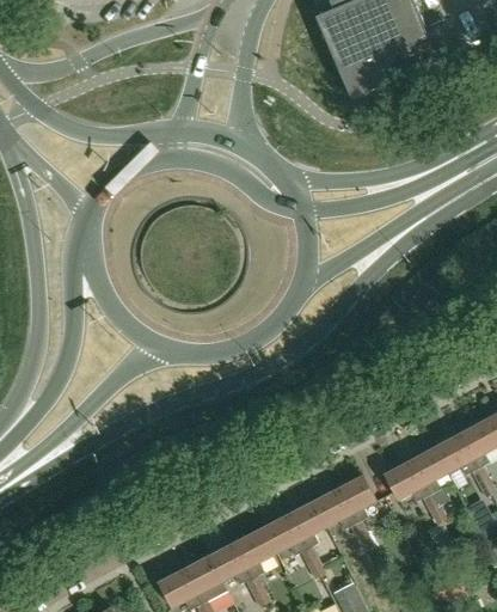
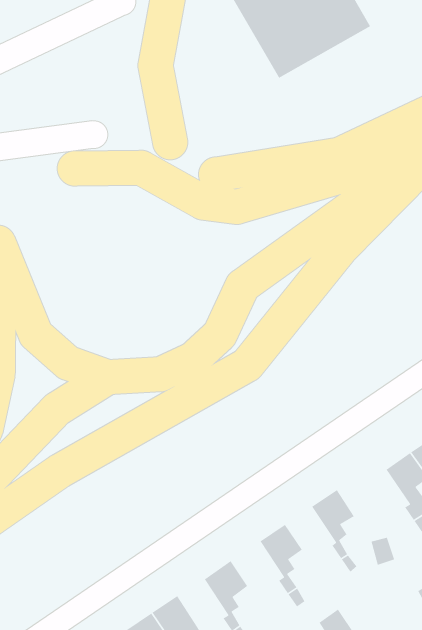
building: [384,460,427,501] -> none
building: [313,486,356,528] -> none
building: [260,513,306,555] -> none
building: [209,541,252,582] -> none

